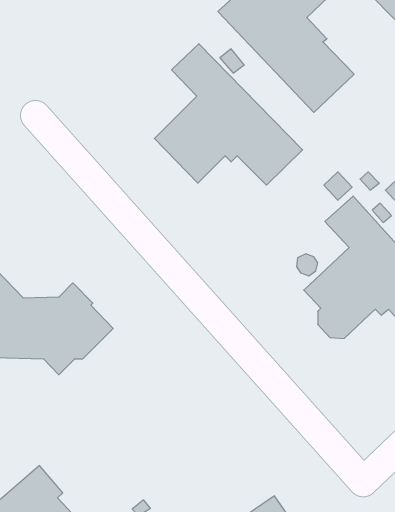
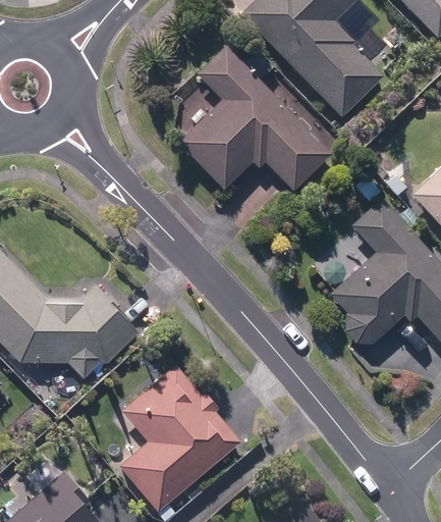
building: none -> [120,367,240,513]

